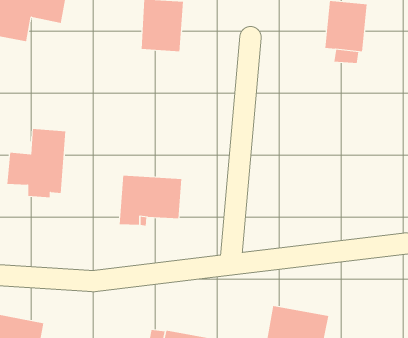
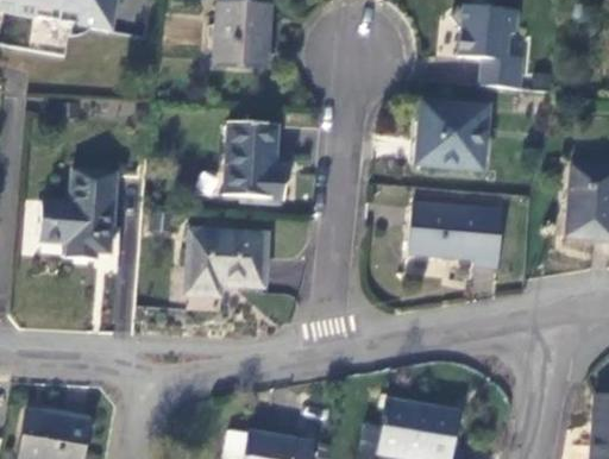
building: none -> [417,101,489,170]
building: none -> [225,121,287,200]
building: none -> [409,203,503,266]

